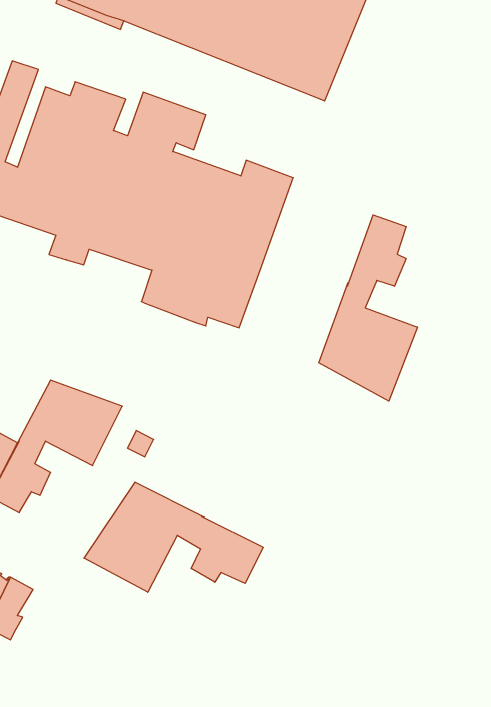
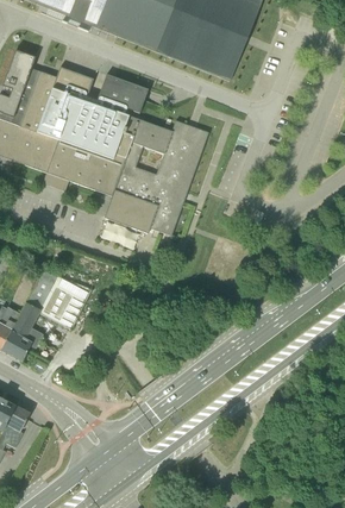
building: [319,215,417,401] -> none
building: [84,482,263,592] -> none

